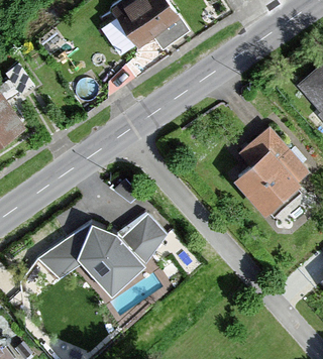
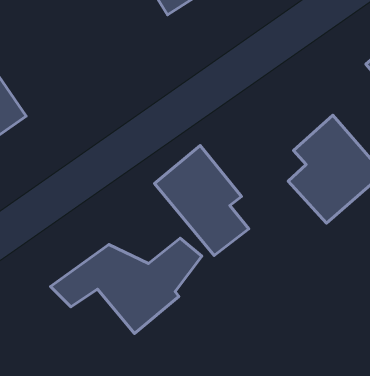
building: none -> [154,146,249,255]

